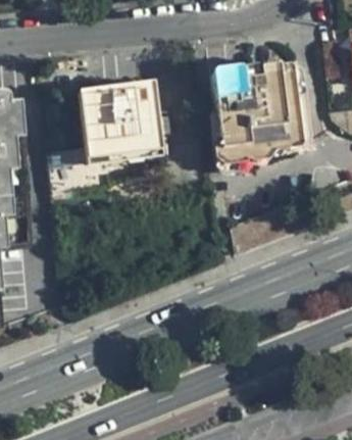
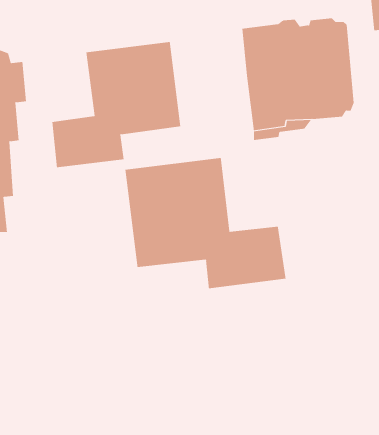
building: none -> [125,157,286,289]

